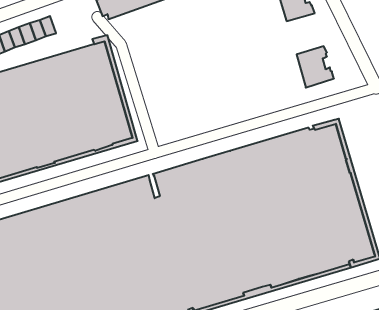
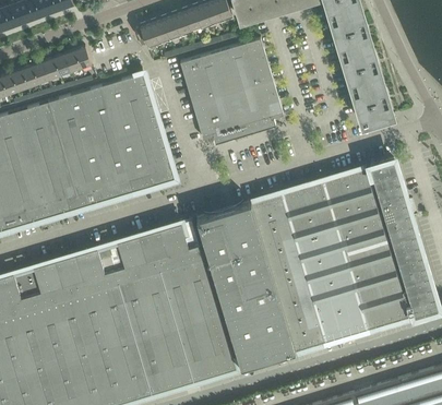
building: none -> [178,39,282,144]
building: none -> [339,44,380,88]

